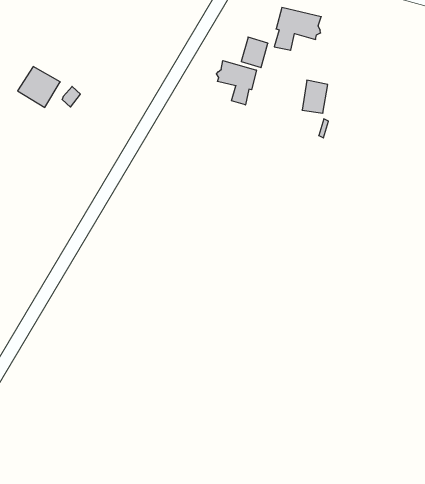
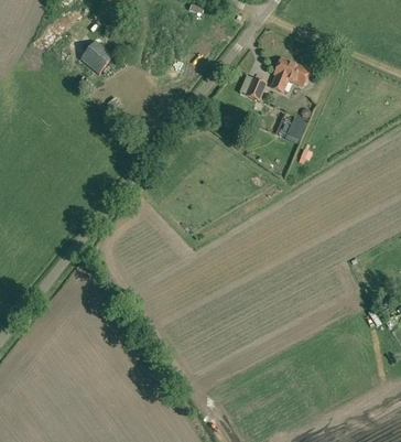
building: [216,61,256,105] -> none
building: [18,67,60,107] -> [80,41,113,73]

